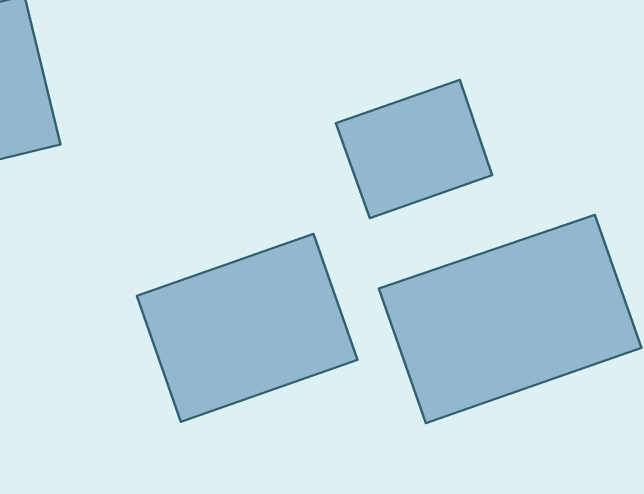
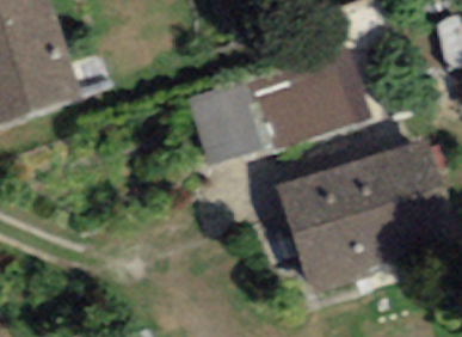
building: [137,234,358,422] -> none

